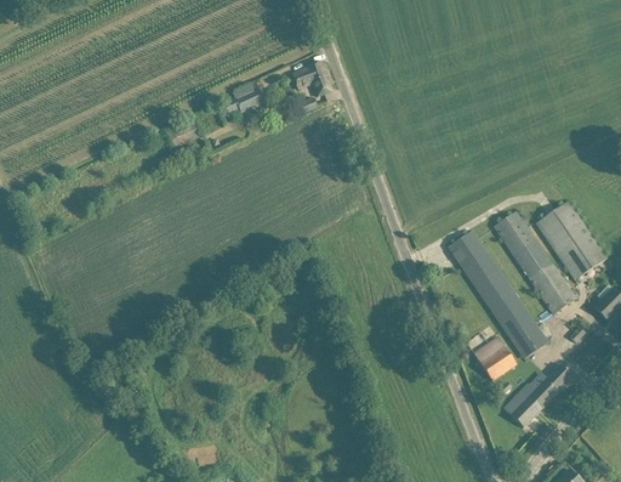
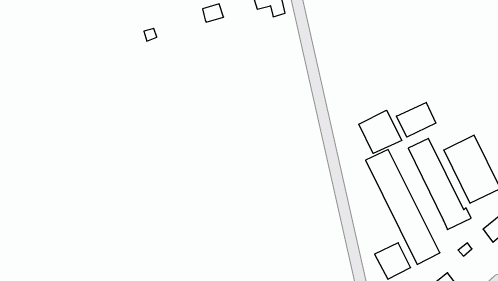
building: none -> [396,102,436,137]
building: none -> [359,110,402,153]

